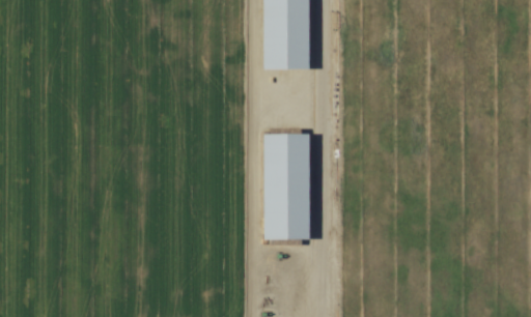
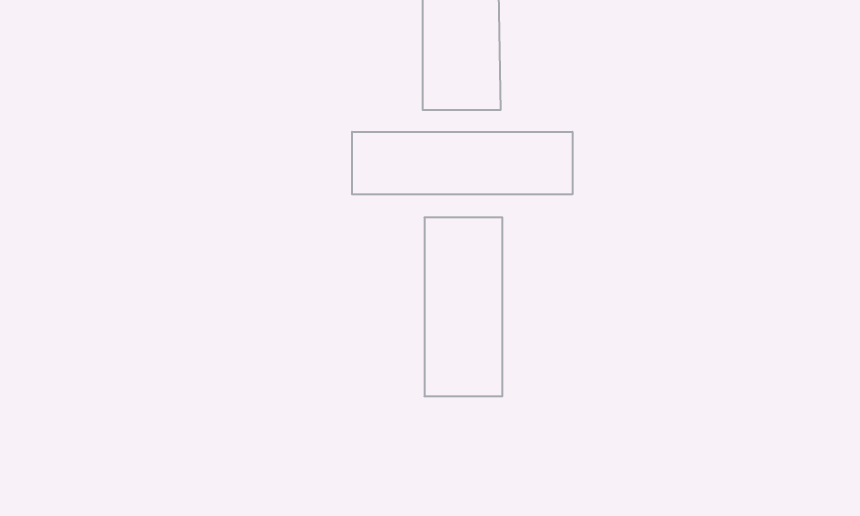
building: none -> [352,132,572,194]

